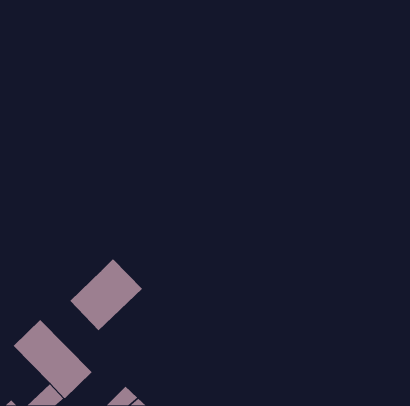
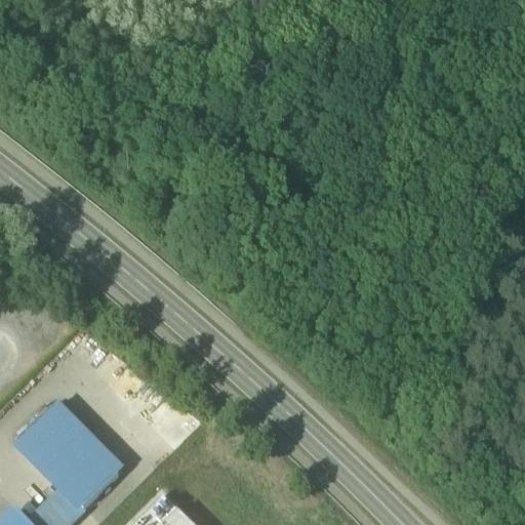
building: [69,259,143,331] -> none

